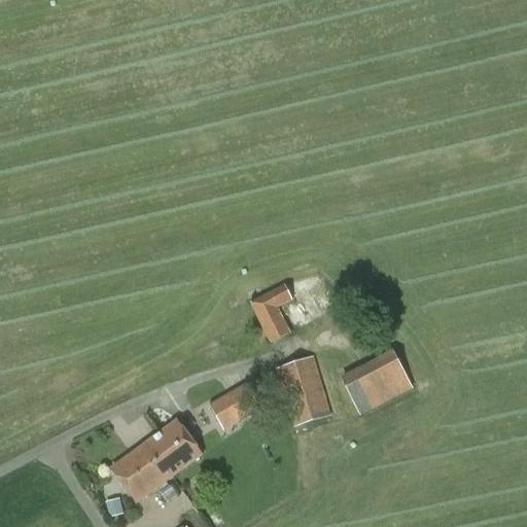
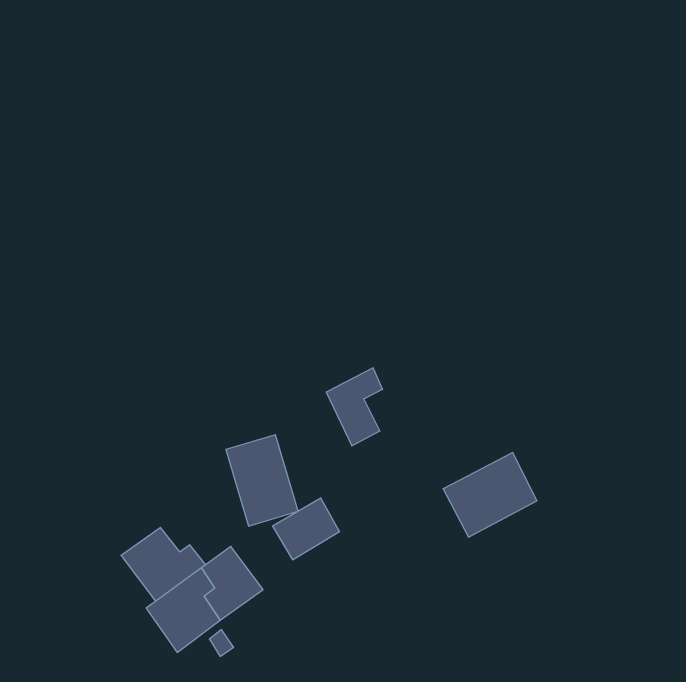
building: [276,355,331,425] -> [226,435,298,526]
building: none -> [121,527,205,601]

